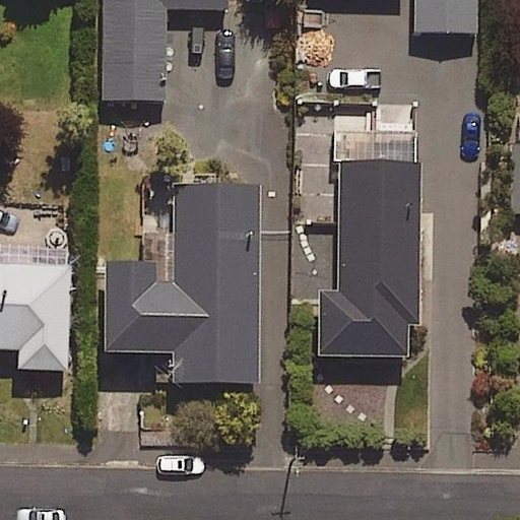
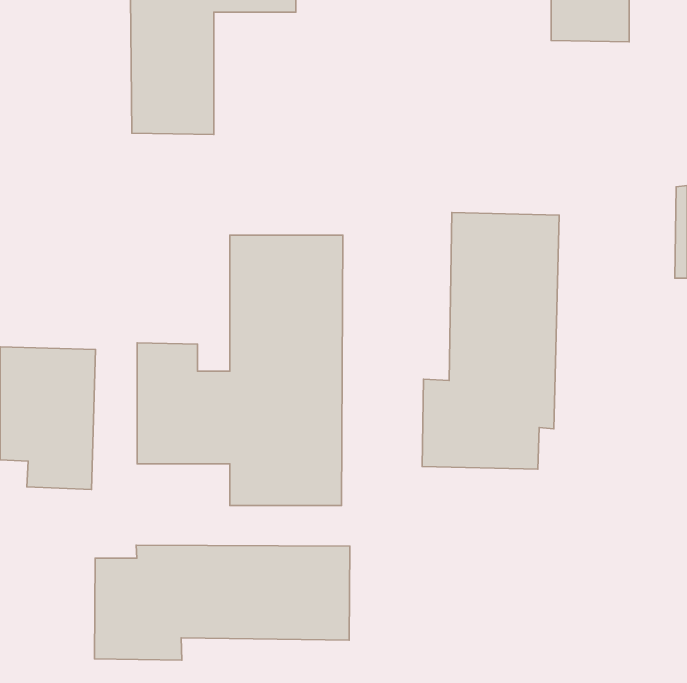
building: none -> [95,545,350,660]

